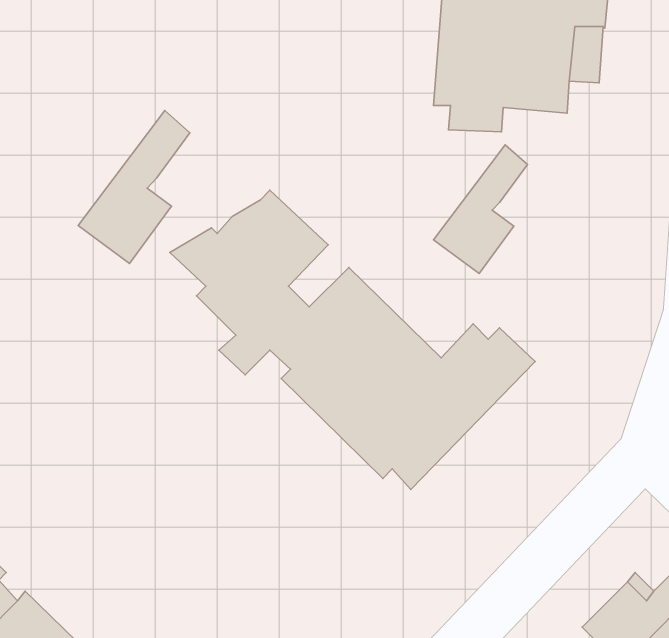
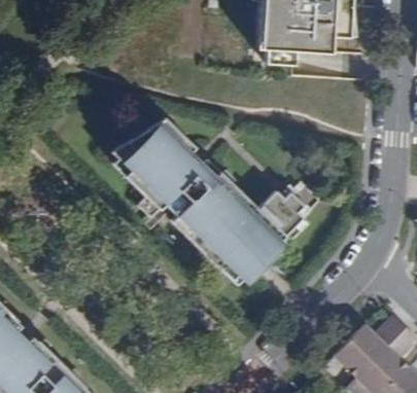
building: [78,111,190,263] -> none
building: [434,145,528,274] -> none

